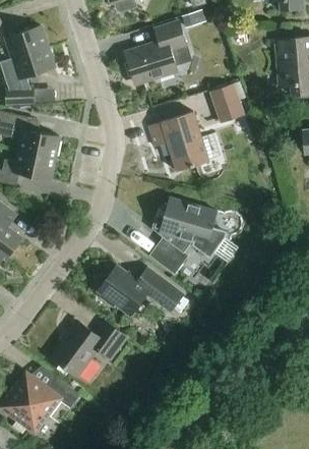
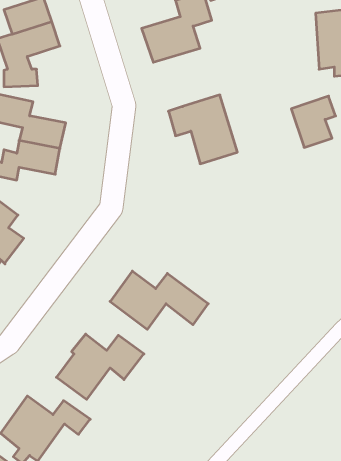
building: [208,79,247,124] -> [291,96,336,147]
building: [148,197,226,274] -> none

